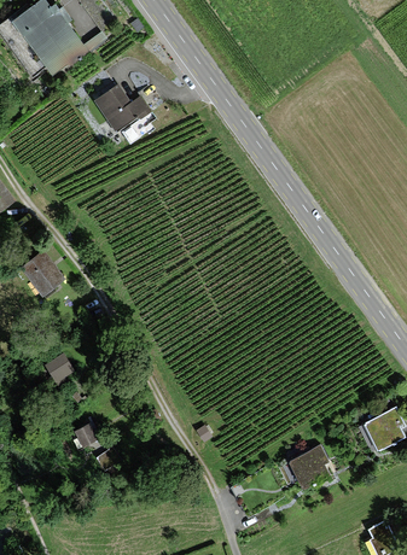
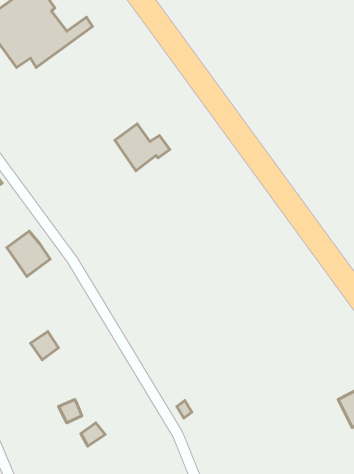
building: [94,83,151,132] -> [115,124,170,171]
building: [287,444,331,490] -> none

